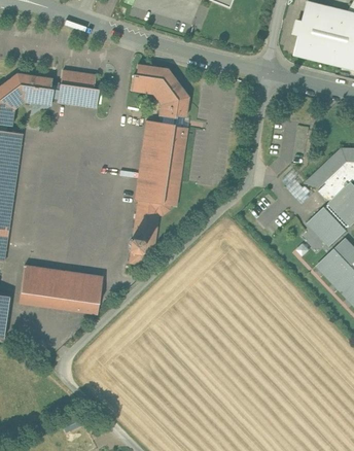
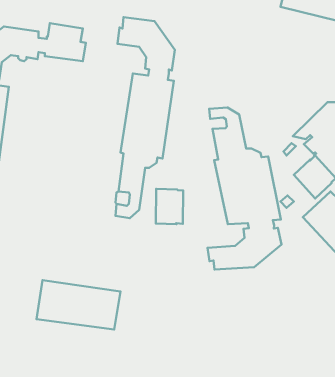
building: none -> [207,108,281,270]
building: none -> [156,189,183,224]
building: [19,264,103,313] -> [36,280,120,329]

